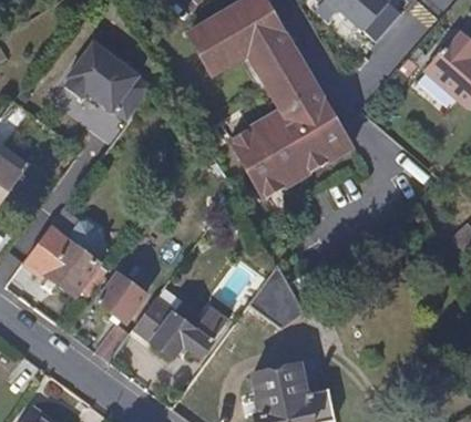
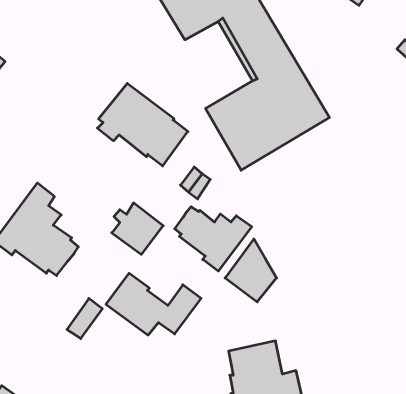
building: [65,42,153,122] -> [97,83,188,166]
building: none -> [175,207,252,271]
building: [95,272,145,322] -> [112,203,163,254]

